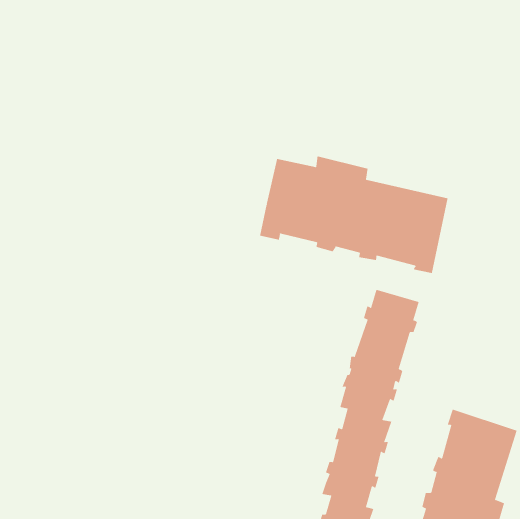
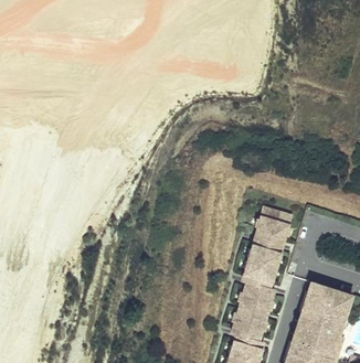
building: [260,156,448,274] -> none

